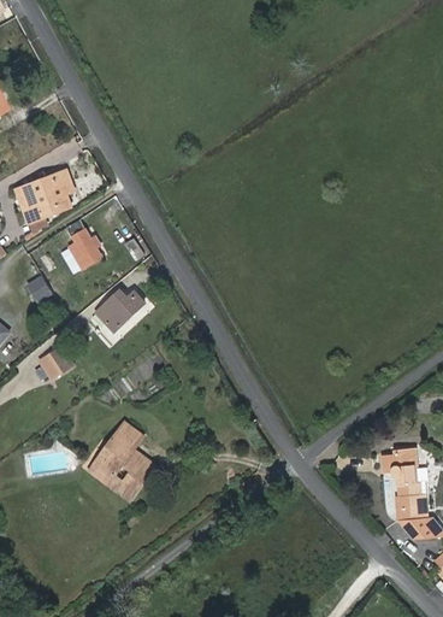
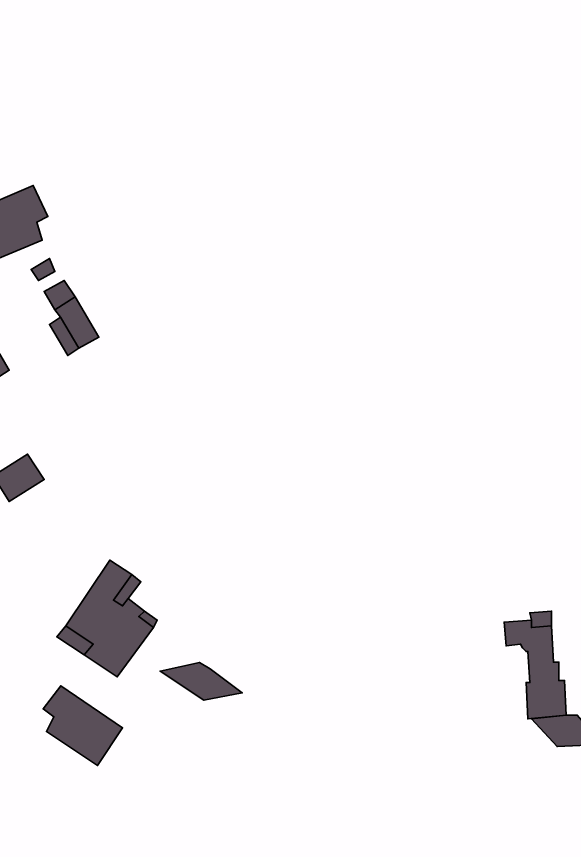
building: [96,290,149,331] -> none
building: none -> [160,662,242,700]
building: none -> [43,686,122,765]

